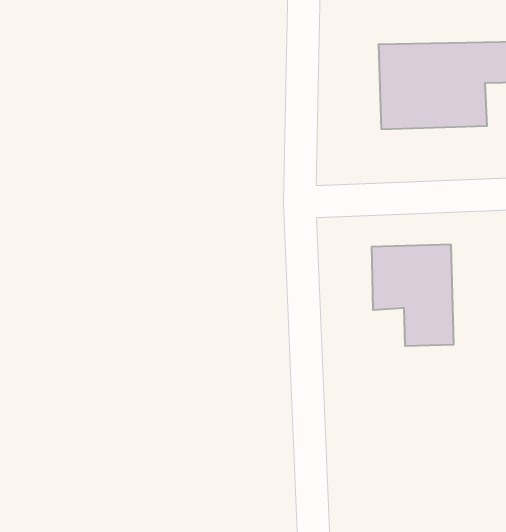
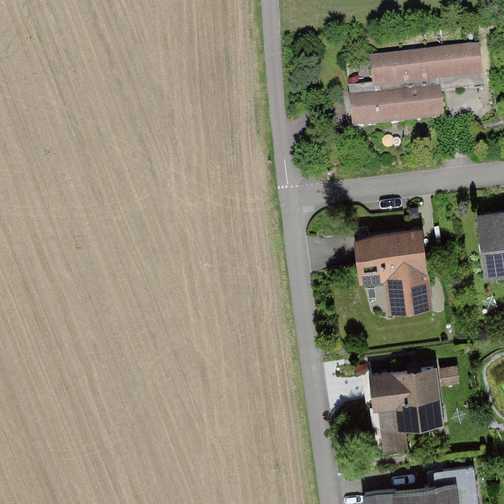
building: none -> [368,359,458,454]

